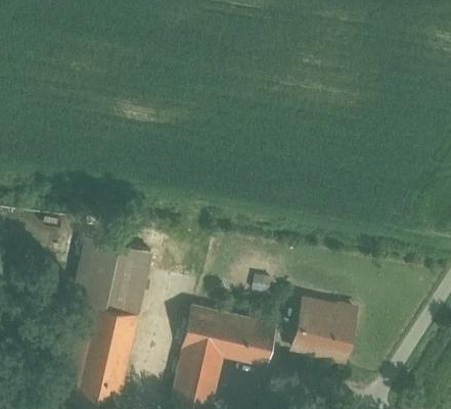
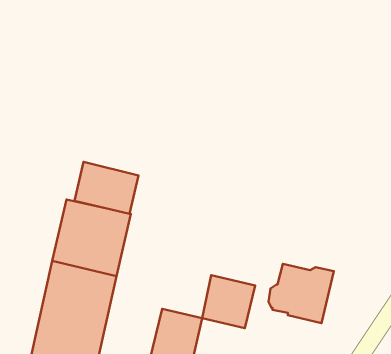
building: none -> [74,162,138,214]
building: [184,303,234,355] -> none

